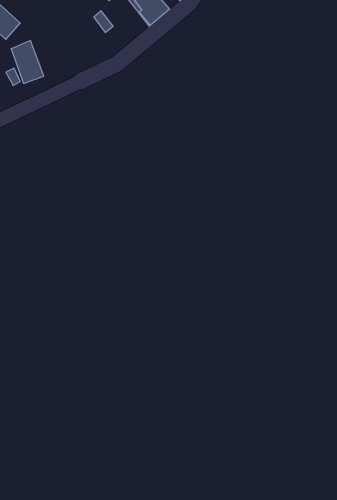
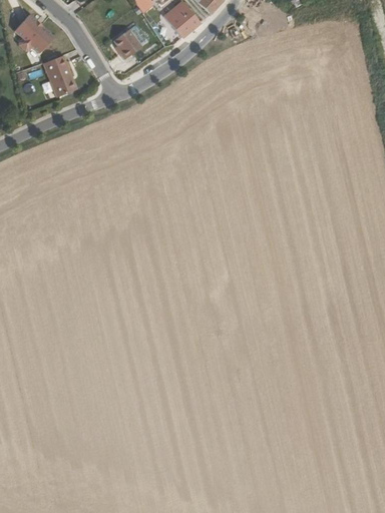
building: none -> [112,30,139,61]

